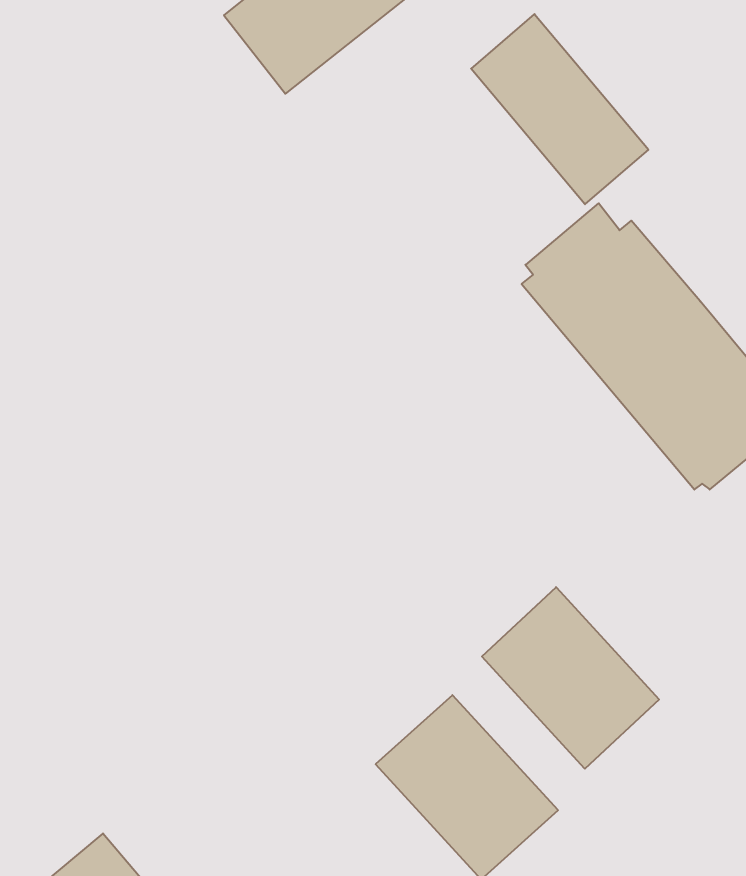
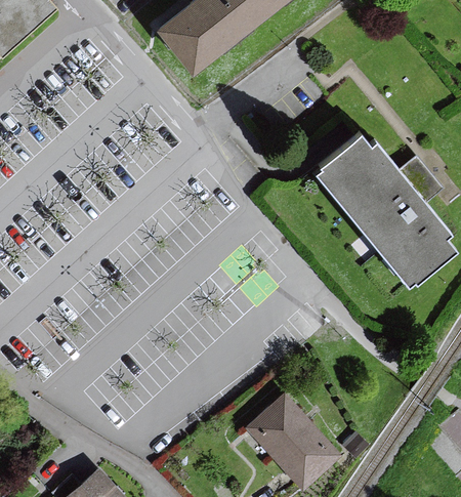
building: [471,14,648,204] -> none
building: [482,587,659,769] -> none

